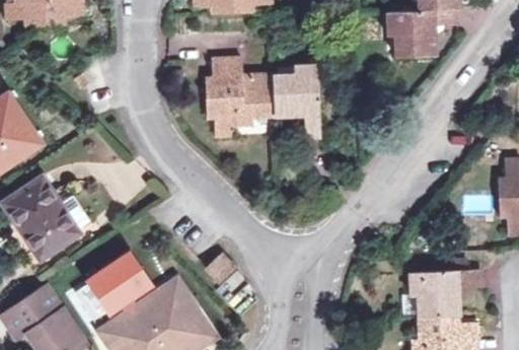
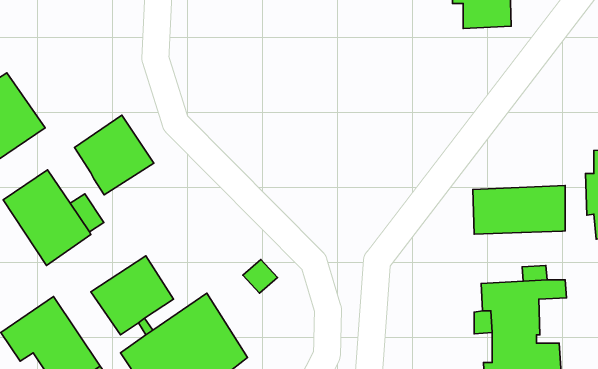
building: [205,57,321,136] -> none
building: none -> [74,115,154,195]
building: none -> [473,186,565,234]

